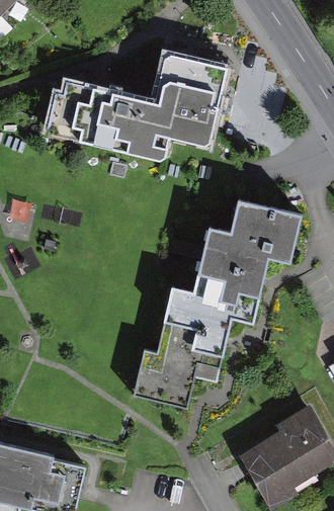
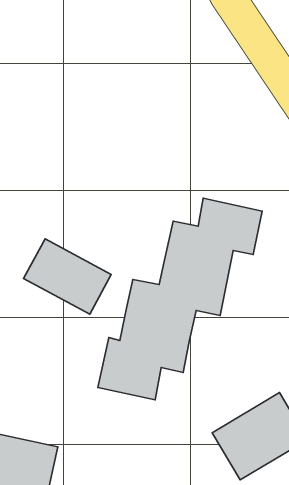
building: [56,49,229,153] -> none
building: none -> [24,239,111,314]

